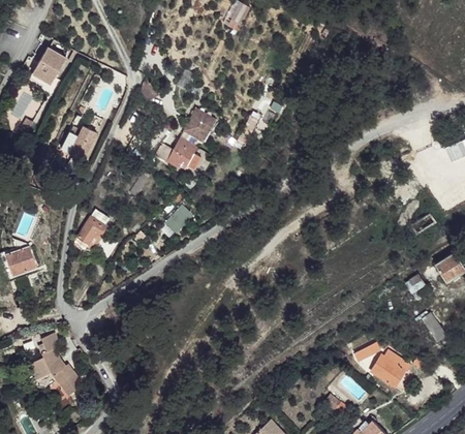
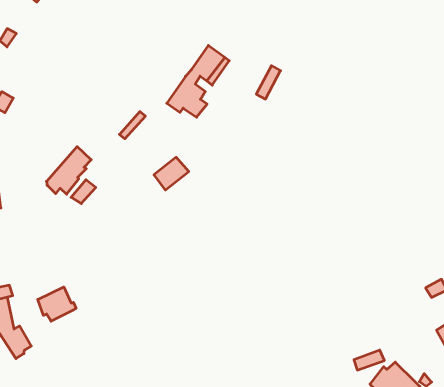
building: [61,130,94,160] -> none
building: none -> [38,287,76,321]

